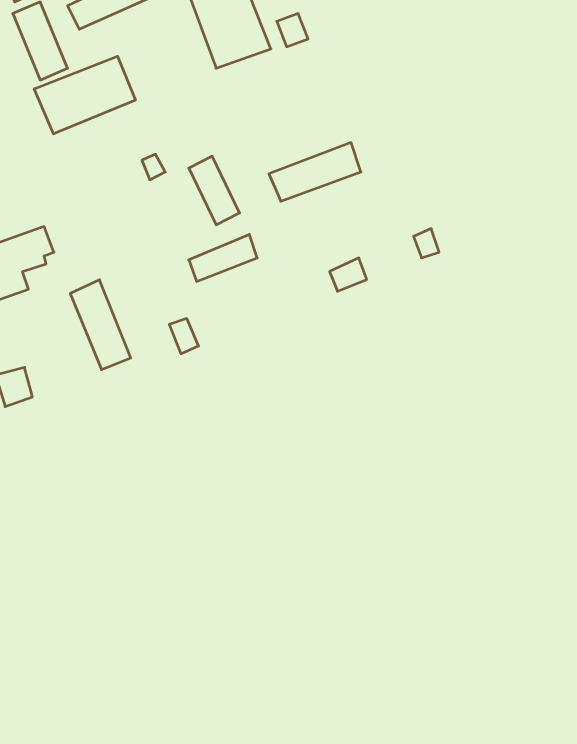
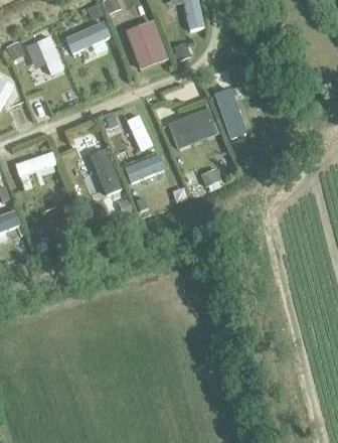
building: [34,56,135,134] -> none
building: none -> [217,96,241,137]
building: [70,280,131,370] -> [92,150,123,196]

